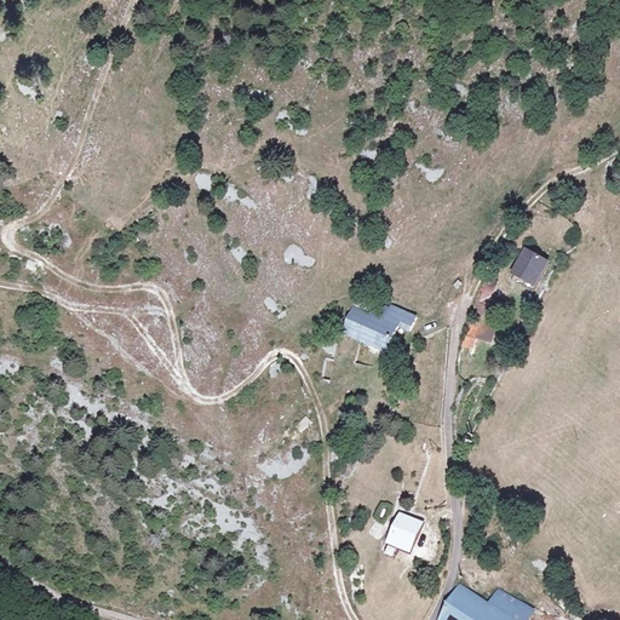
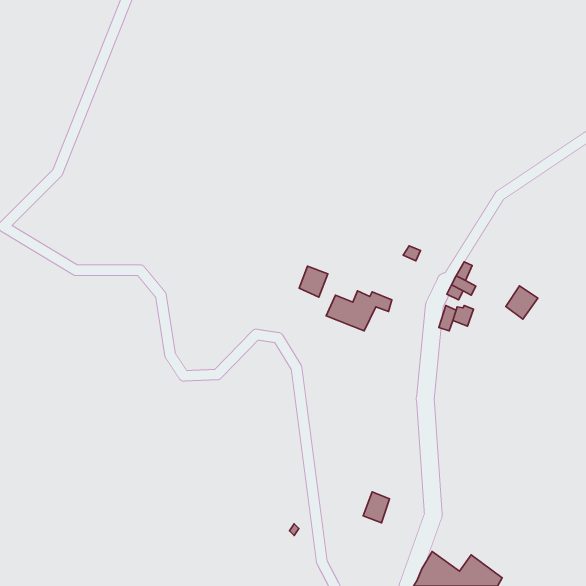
building: [515,248,549,283] -> [506,286,538,319]
building: none -> [299,266,328,297]

